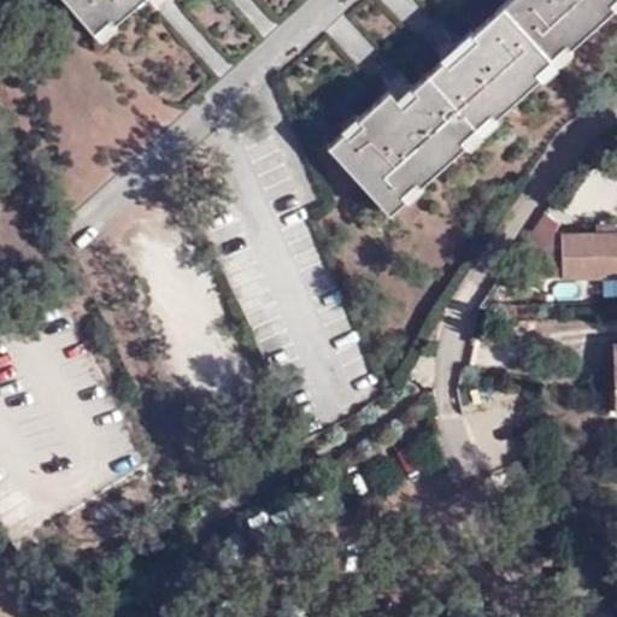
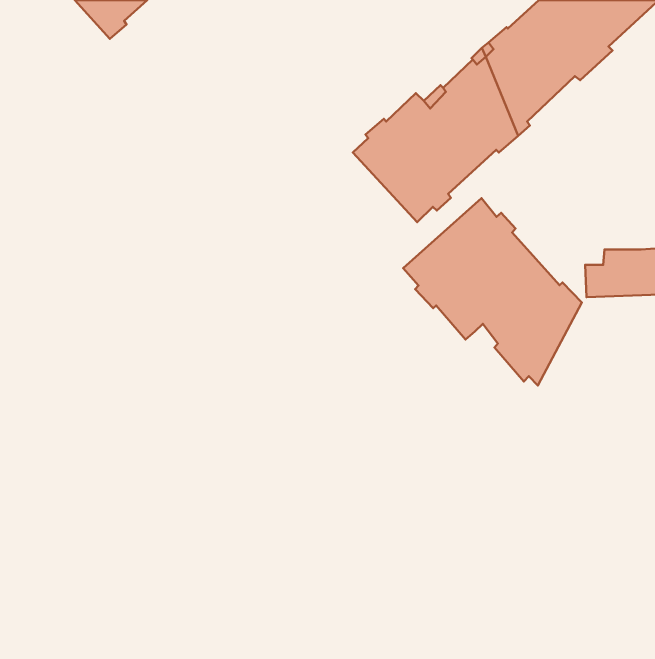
building: none -> [403,198,582,386]

